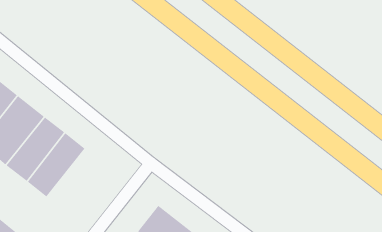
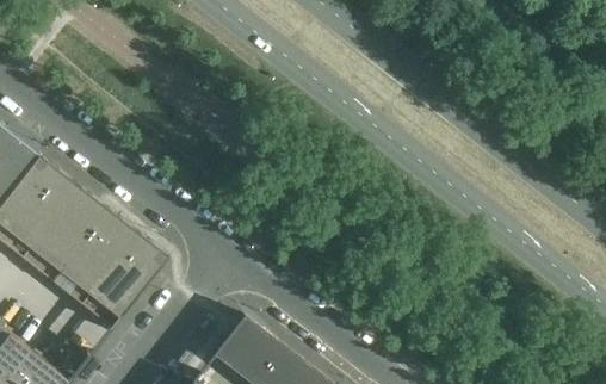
building: none -> [80,231,167,327]

